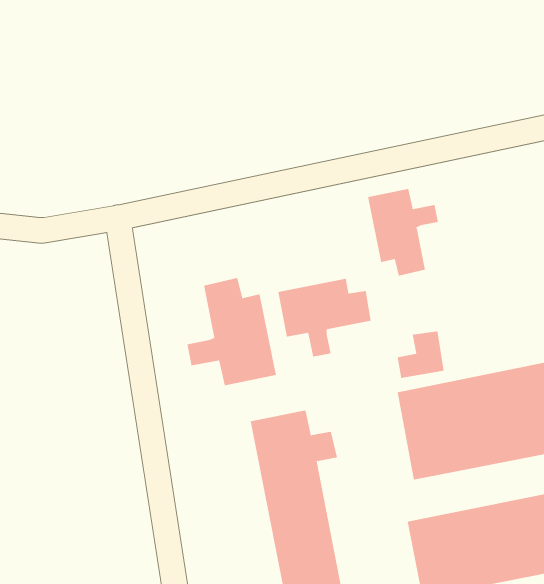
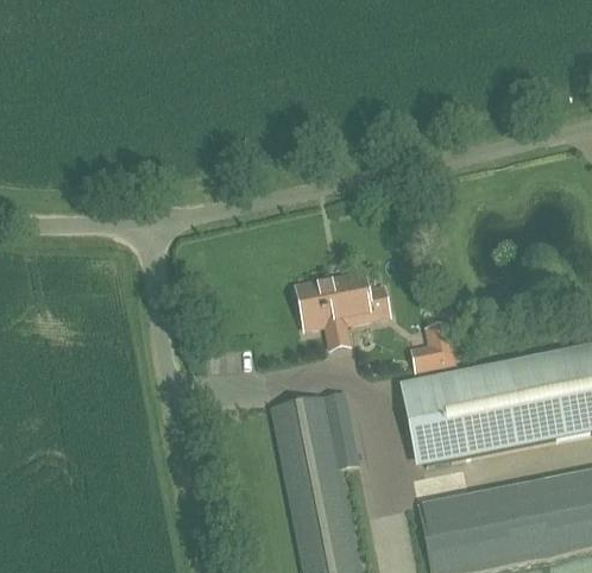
building: [368,188,438,276] -> none
building: [187,277,276,386] -> none

